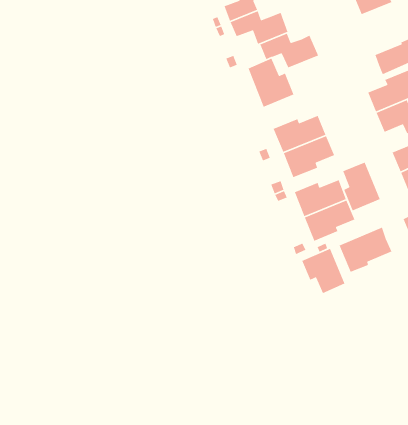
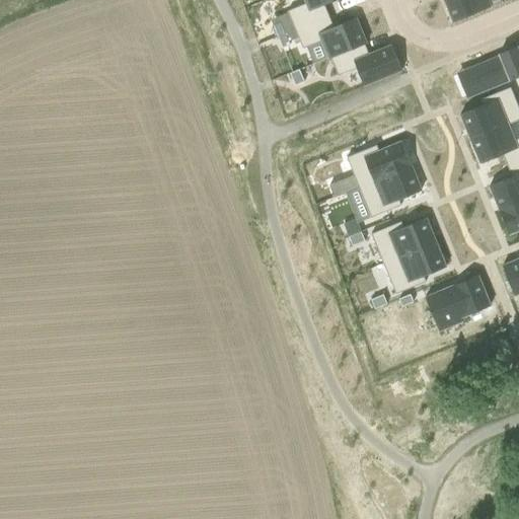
building: [247,58,294,108] -> none
building: [342,162,381,211] -> none
building: [301,248,346,294] -> none

